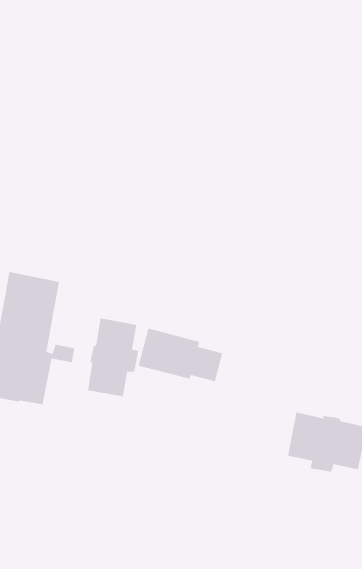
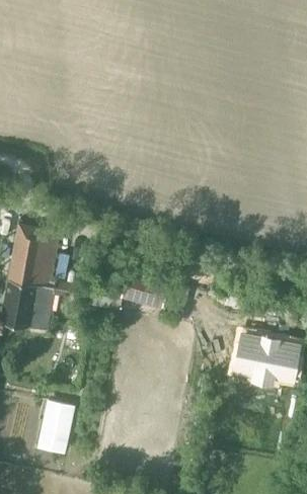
building: [87,317,139,397] -> none
building: none -> [36,401,75,455]

